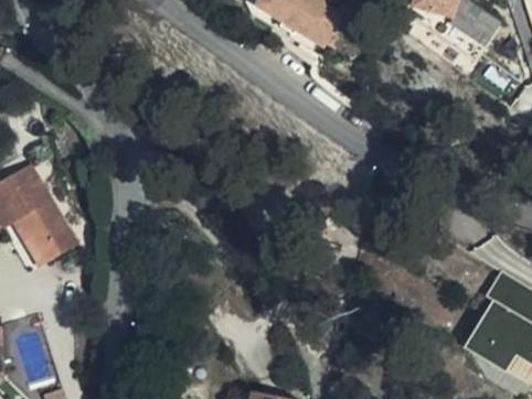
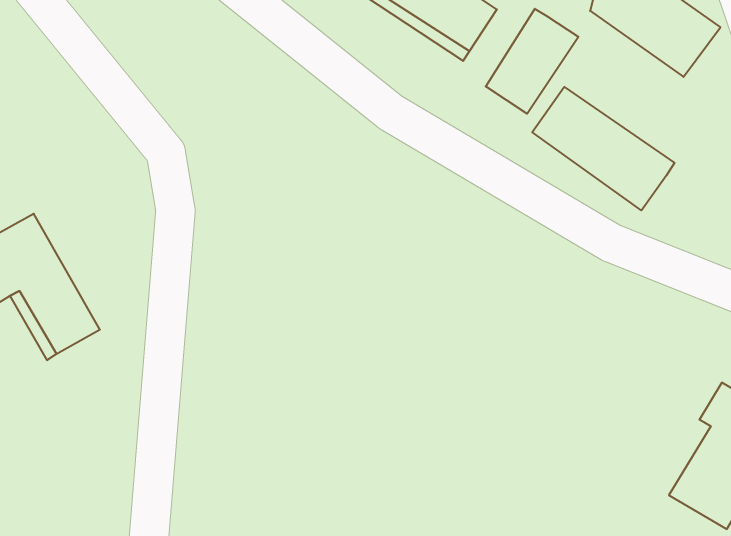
building: none -> [486,9,578,114]
building: none -> [532,87,674,210]

